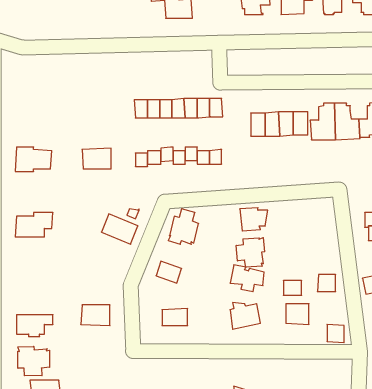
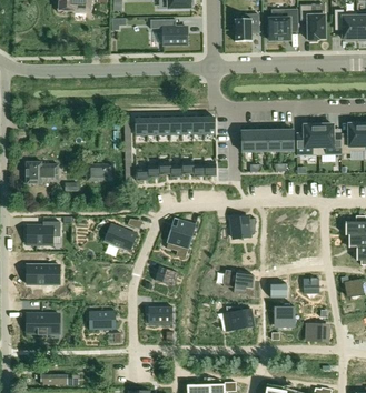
building: [236,238,265,267] -> none
building: none -> [27,266,60,284]
building: [18,346,50,376] -> none

